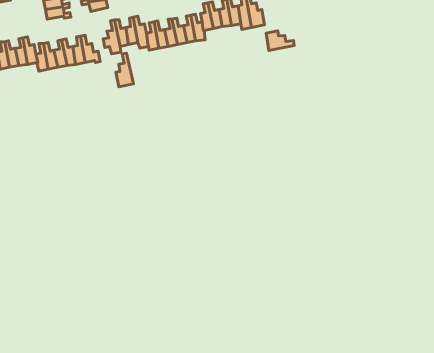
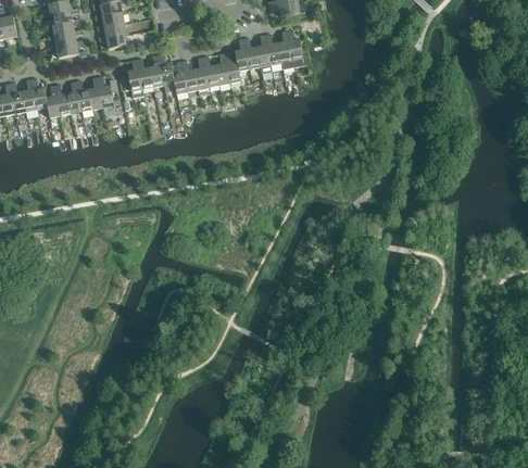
building: [266,31,294,51] -> none
building: [116,53,134,87] -> none

